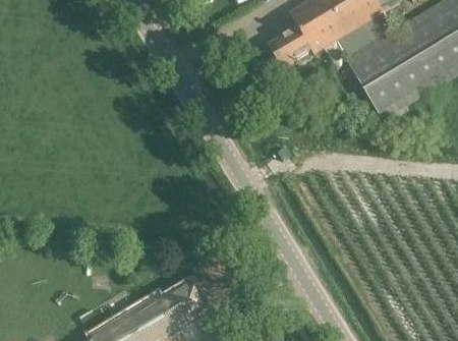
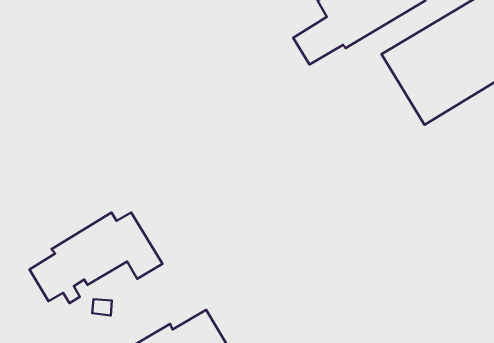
building: none -> [30,212,162,303]

